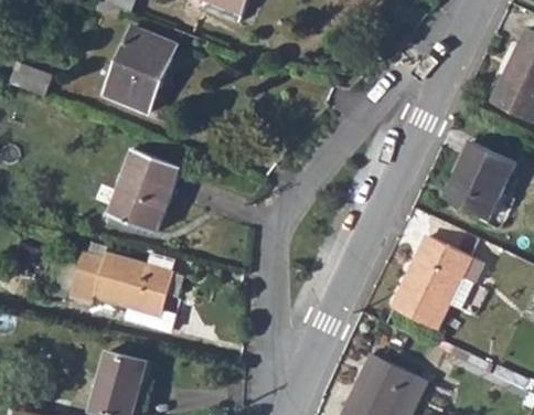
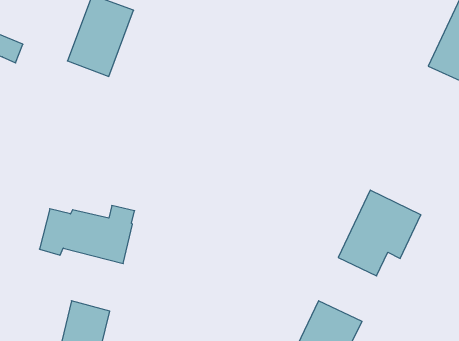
building: [106,142,185,233] -> none
building: [442,142,513,219] -> none

